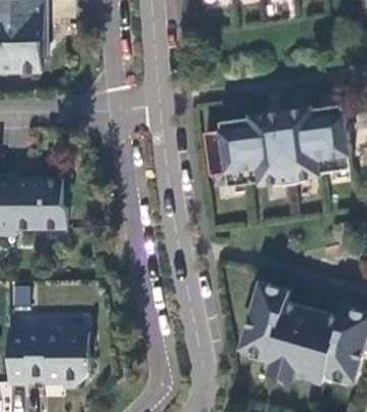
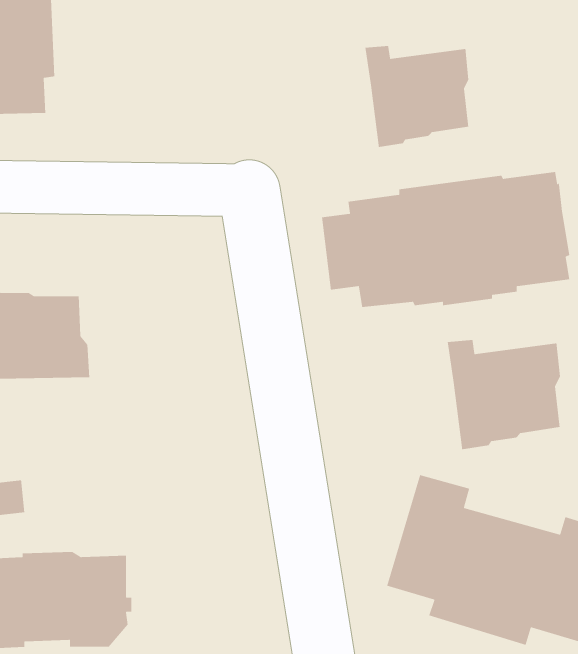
building: none -> [364,45,469,148]
building: none -> [447,339,561,450]

